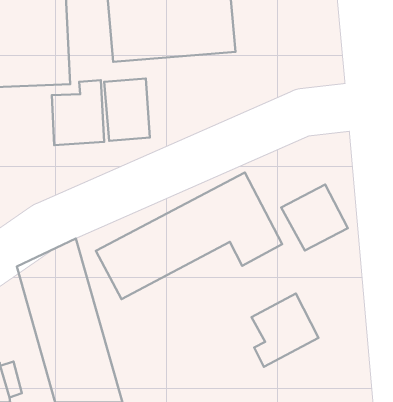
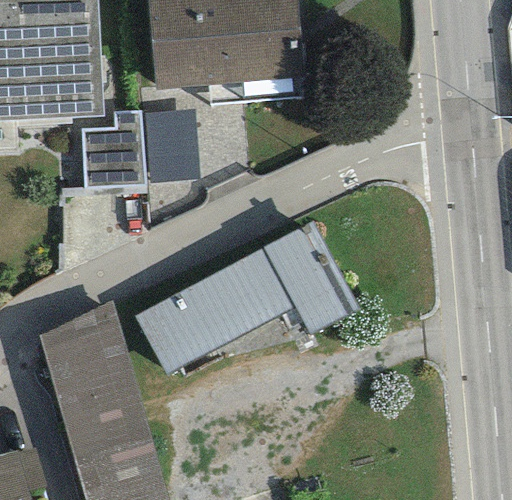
building: [281,184,348,251] -> none
building: [252,294,319,367] -> none

